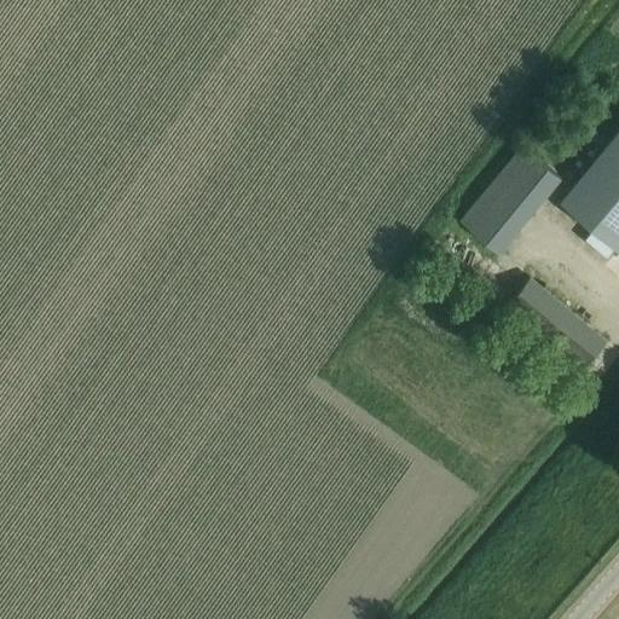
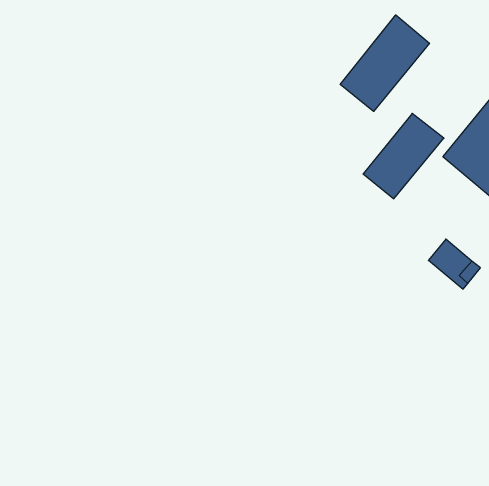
building: none -> [340,15,429,111]
building: [509,280,563,334] -> none

